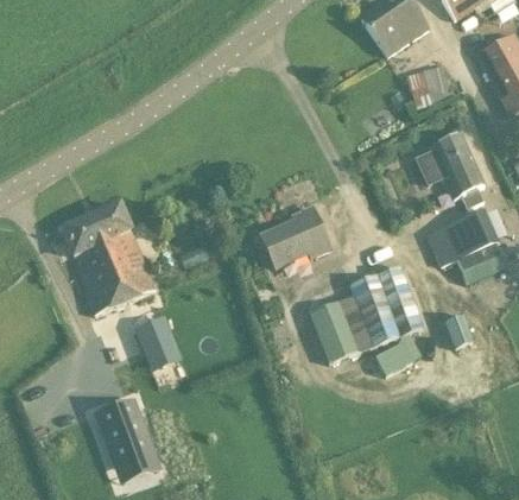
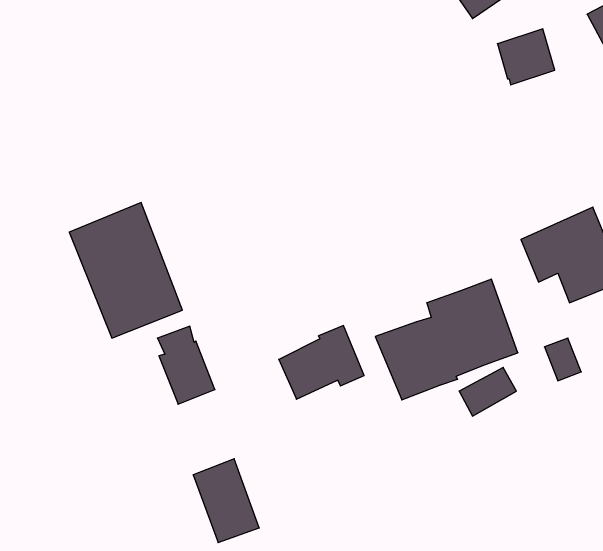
building: [417,134,485,209] -> none
building: [261,209,330,268] -> [279,326,364,399]
building: [100,398,153,466] -> [193,459,259,543]

